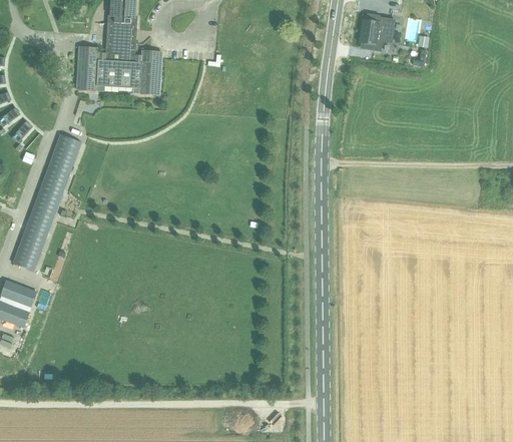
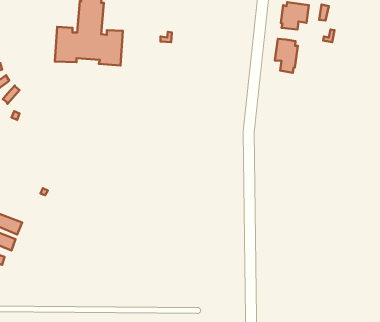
building: none -> [275,39,298,73]
building: [12,133,81,271] -> none

